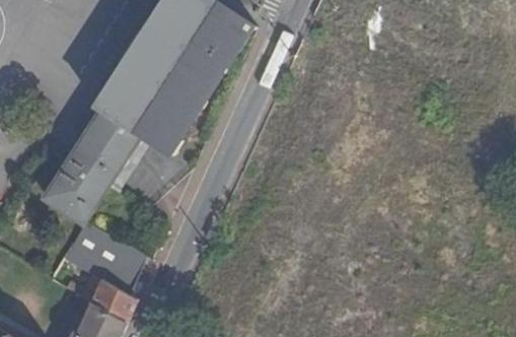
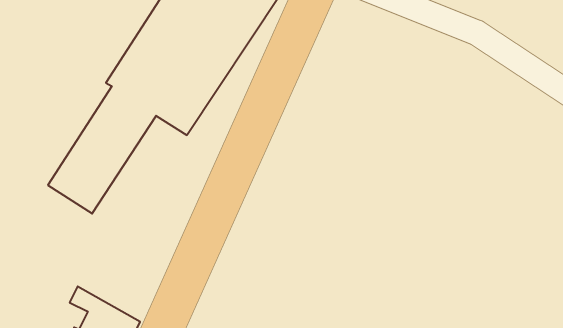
building: [61,223,143,320] -> none

